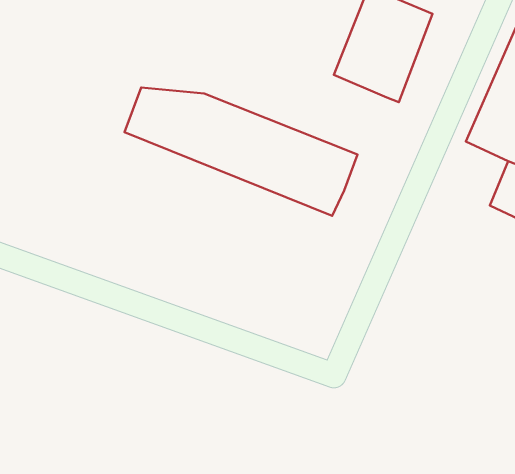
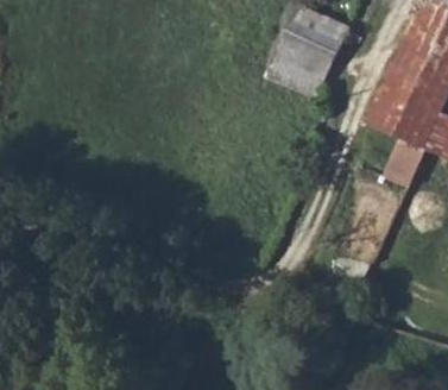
building: [124,87,357,216] -> none

